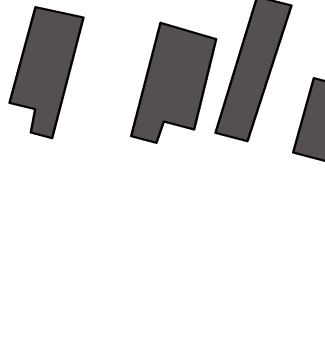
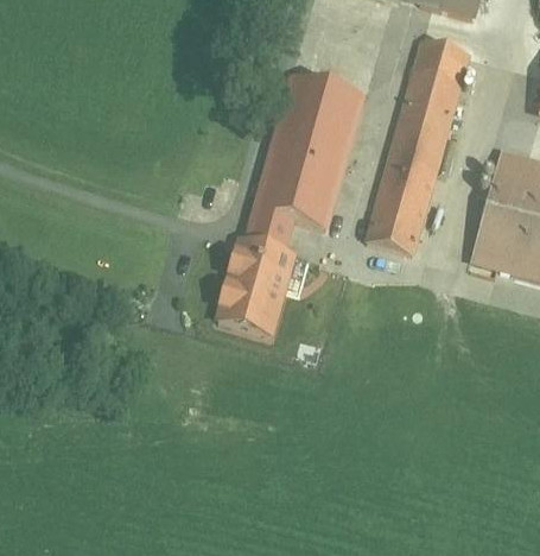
building: [9,7,84,138] -> none
building: none -> [216,235,291,331]

